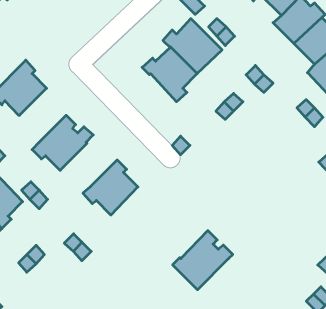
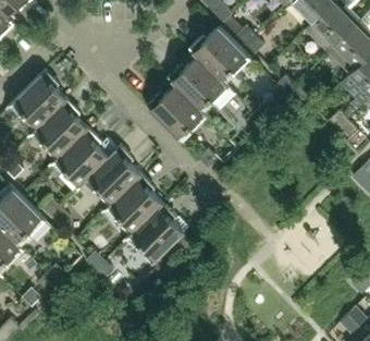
building: none -> [146,84,207,142]
building: none -> [30,99,87,156]
building: none -> [84,145,140,203]
building: [173,231,233,290] -> [125,203,188,265]

